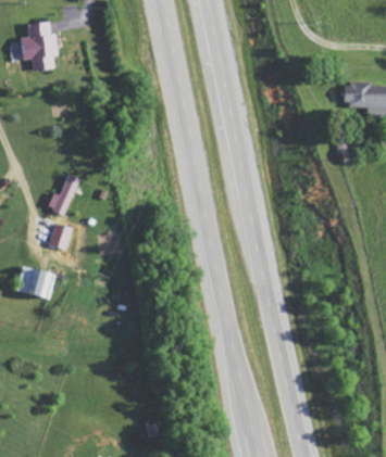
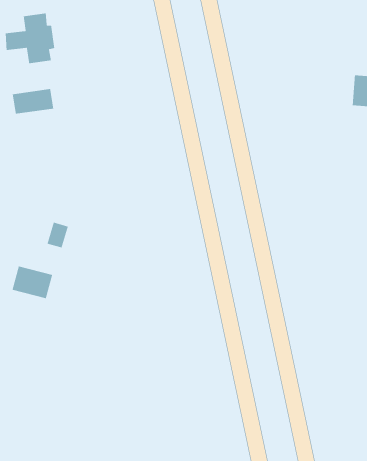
building: none -> [12,88,54,115]
building: [49,174,78,214] -> none

